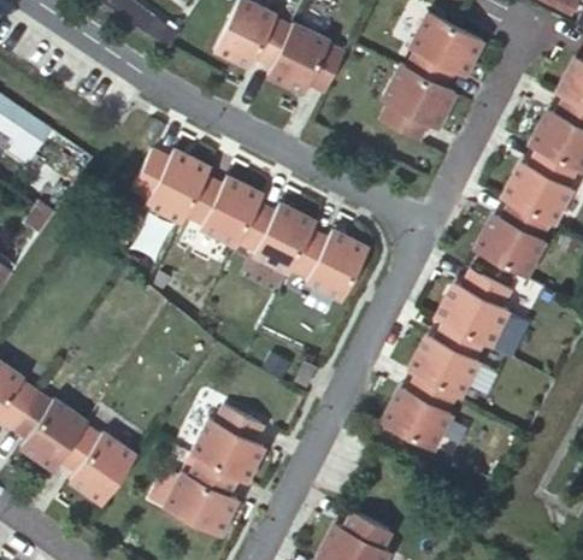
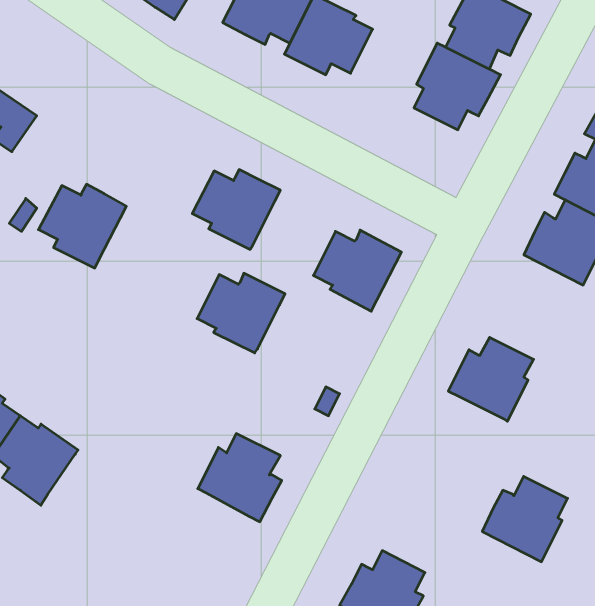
building: [132,148,210,222] -> [38,184,126,268]
building: [238,202,316,272] -> [197,273,285,353]
building: [436,270,511,346] -> none
building: [383,375,458,449] -> [482,476,568,562]
building: [59,425,135,503] -> none
building: [163,459,236,536] -> none

